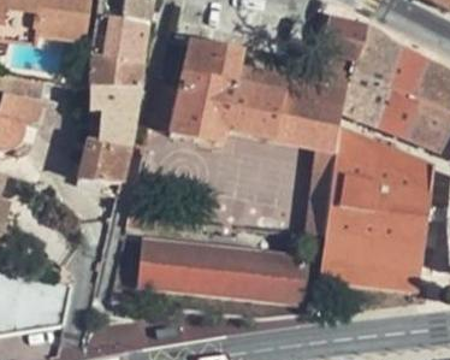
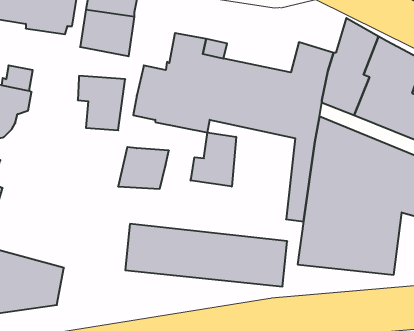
building: [320,16,369,60] -> none
building: [91,54,143,88] -> none
building: [79,137,132,181] -> [118,147,169,189]
building: none -> [191,133,236,187]

